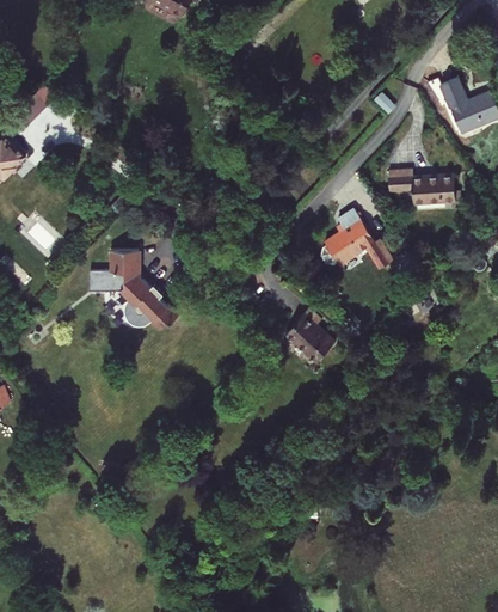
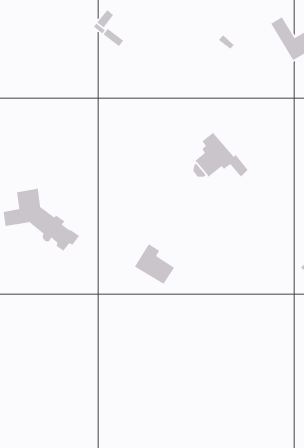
building: [392,167,456,204] -> none
building: [289,307,339,360] -> [134,243,175,285]

